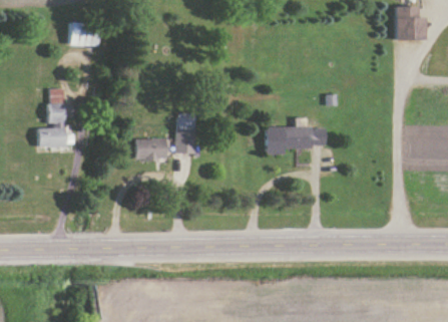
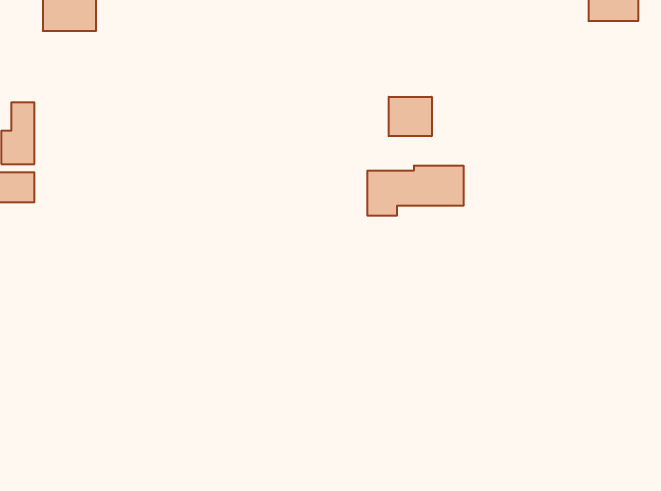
building: none -> [389,97,432,136]
building: [174,122,193,154] -> none
building: [133,140,166,162] -> none

